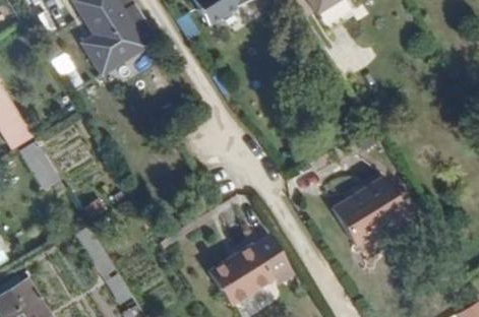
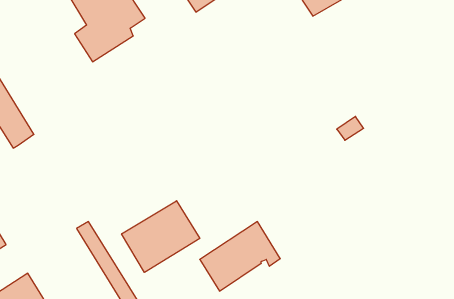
building: [20,142,64,197] -> none
building: [333,174,405,243] -> none
building: none -> [122,201,200,272]

